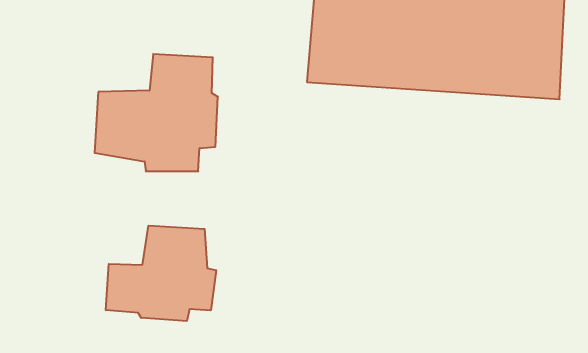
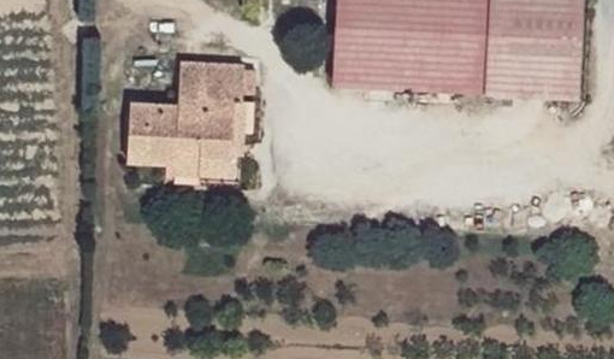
building: [106,226,216,321] -> none

